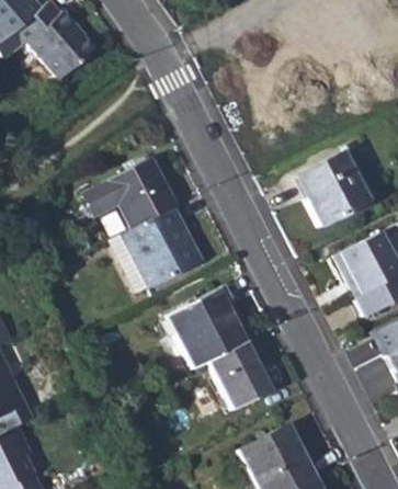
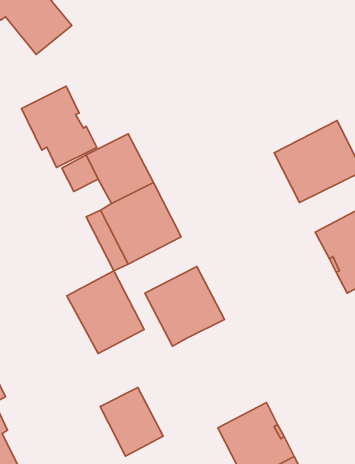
building: none -> [22,86,97,168]
building: none -> [67,271,144,353]
building: [208,342,271,410] -> [100,388,163,456]

